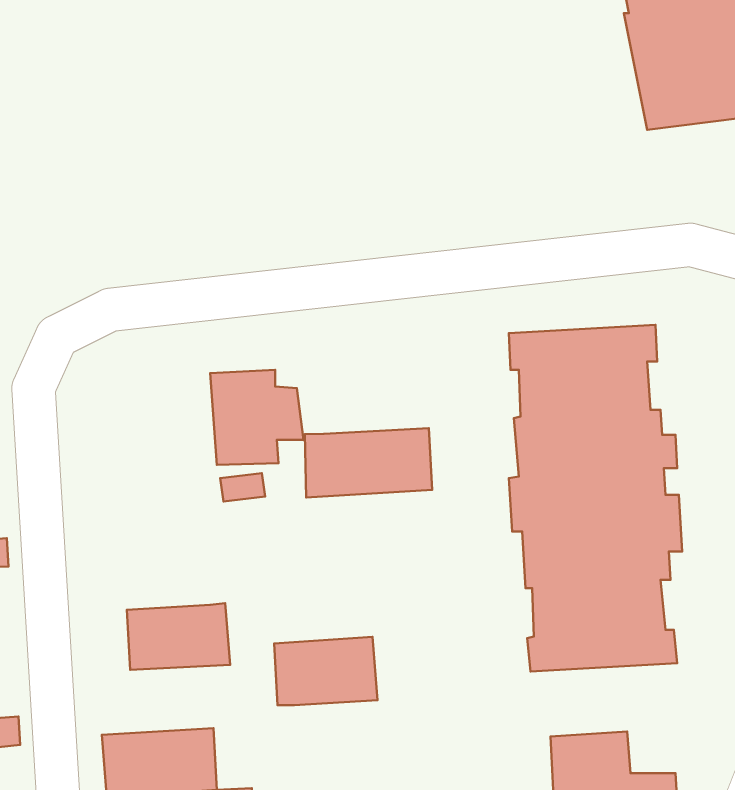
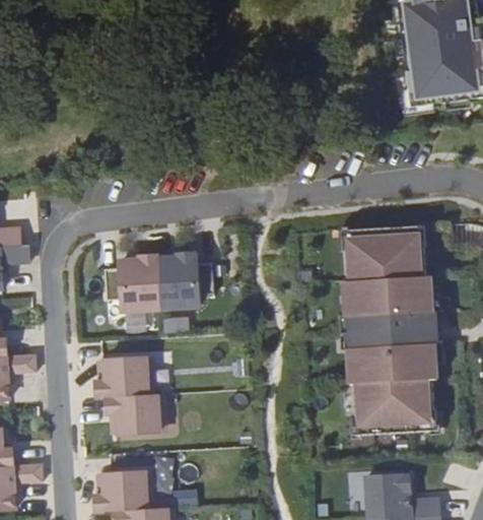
building: none -> [104,254,160,311]
building: [305,428,432,497] -> none
building: [274,637,378,705] -> [93,356,156,398]

